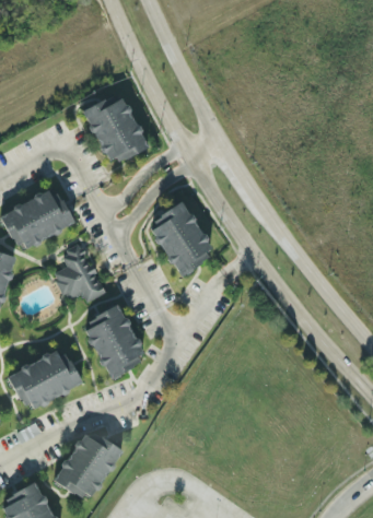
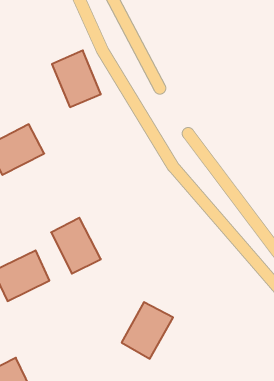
building: [147,202,213,275] -> none
building: [54,244,103,301] -> none
building: [55,429,120,502] -> [122,302,173,359]

